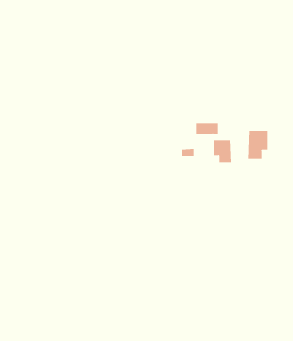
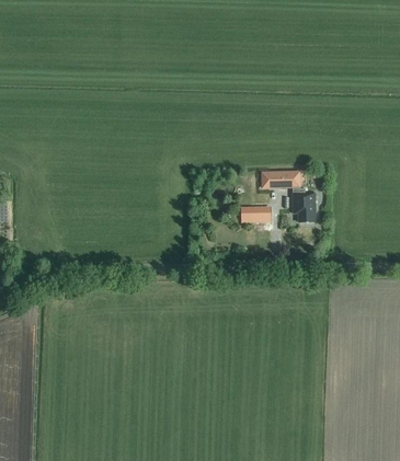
building: [248,130,268,160] -> none

